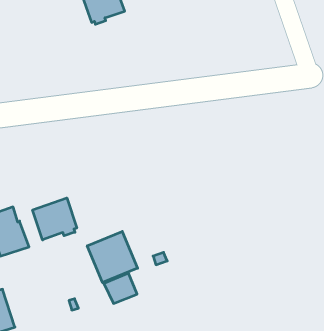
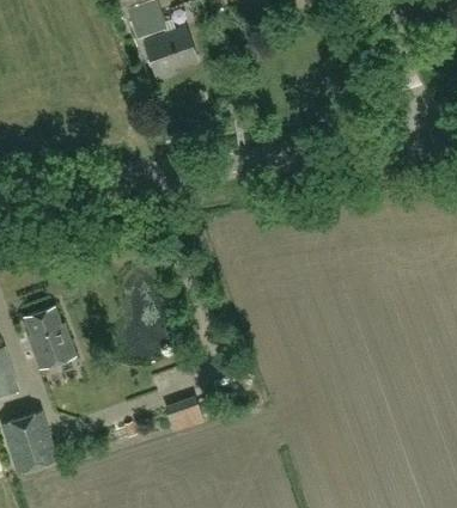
building: [33,198,77,240] -> none
building: [87,231,138,283] -> none

